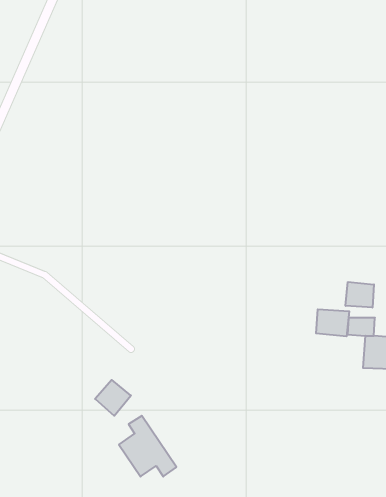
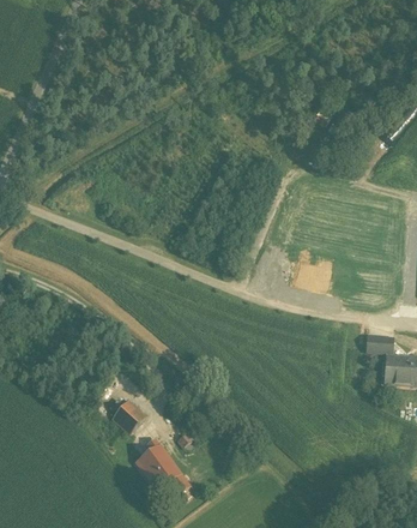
building: [346,282,374,308] -> none
building: [316,309,349,336] -> none

